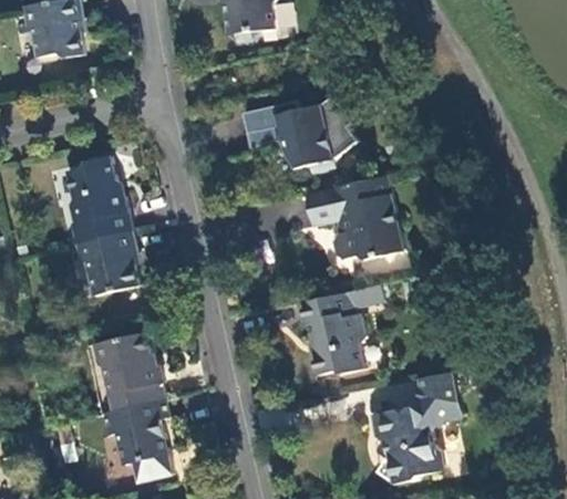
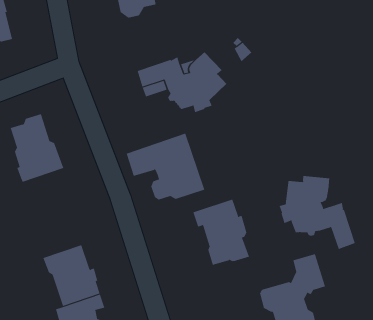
building: [305,175,403,260] -> [126,133,205,200]
building: [76,229,140,294] -> none
building: none -> [279,175,355,250]

